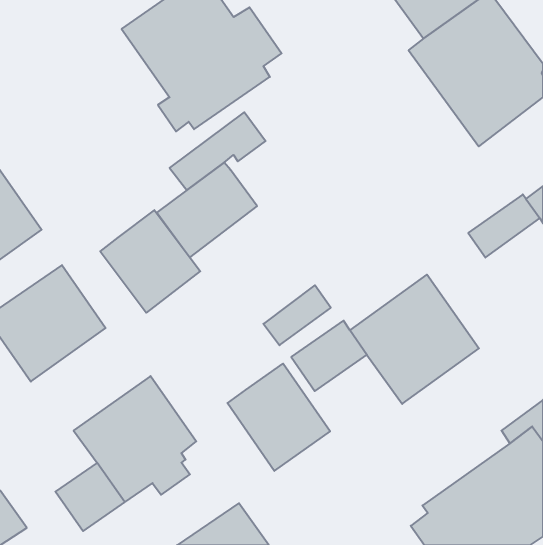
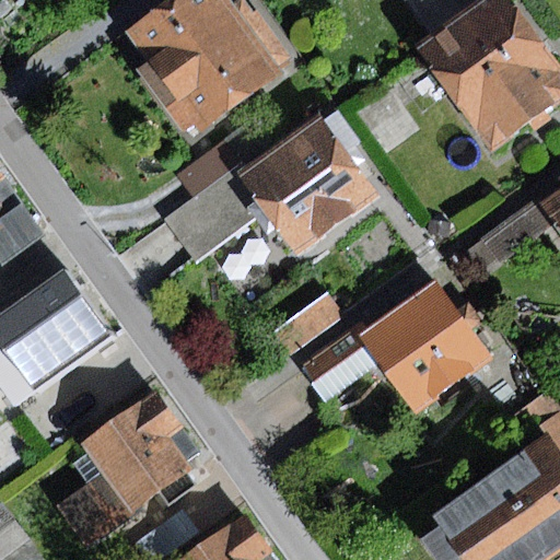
building: none -> [236,110,377,256]
building: [100,210,200,313] -> none
building: [227,364,330,471] -> none

